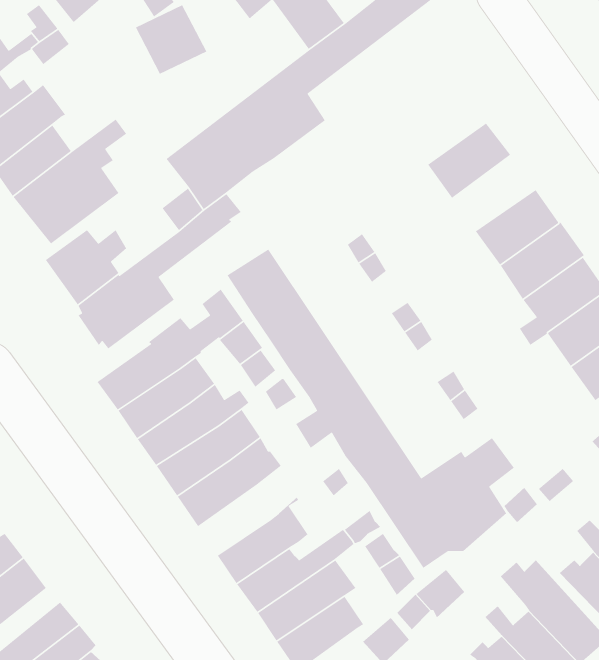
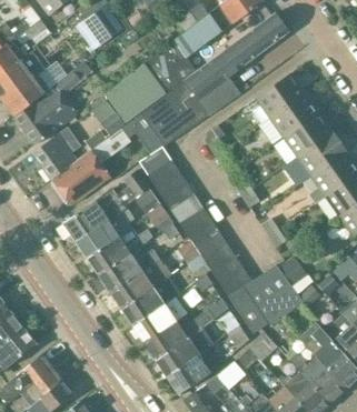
building: none -> [139,14,287,145]
building: none -> [270,92,319,137]
building: none -> [122,273,180,325]

